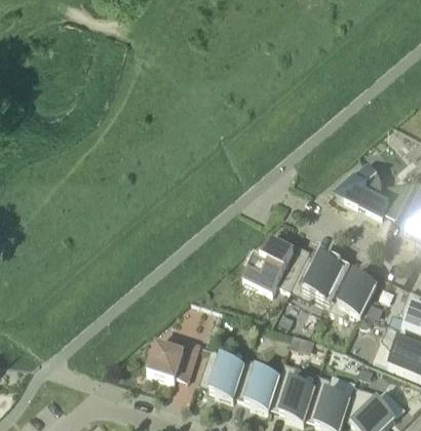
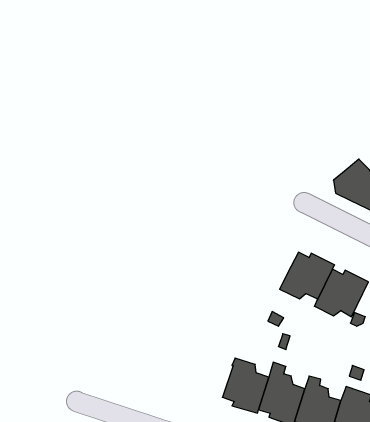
building: [244,237,303,291] -> none
building: [149,334,201,379] -> none
building: [200,345,246,398] -> none

